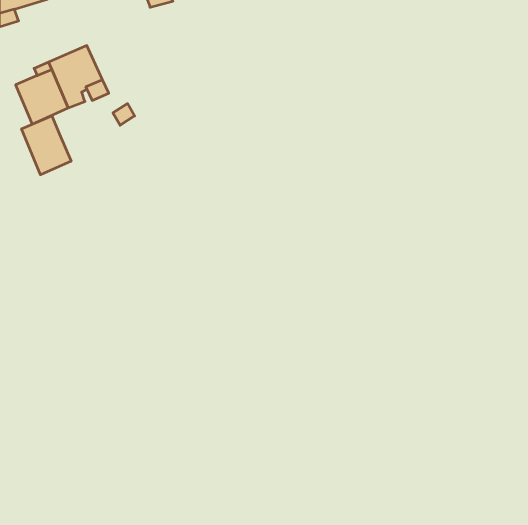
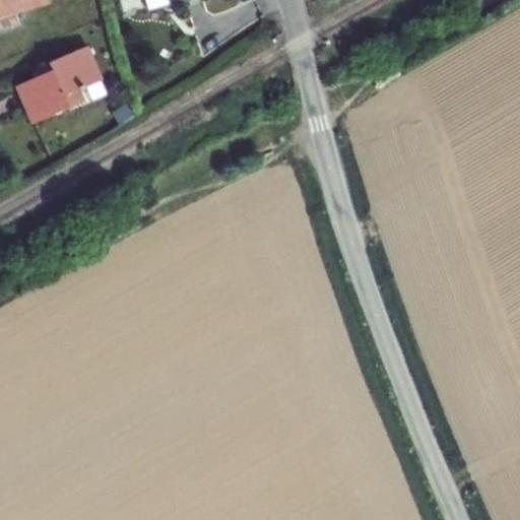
building: [22,116,71,175] -> none

